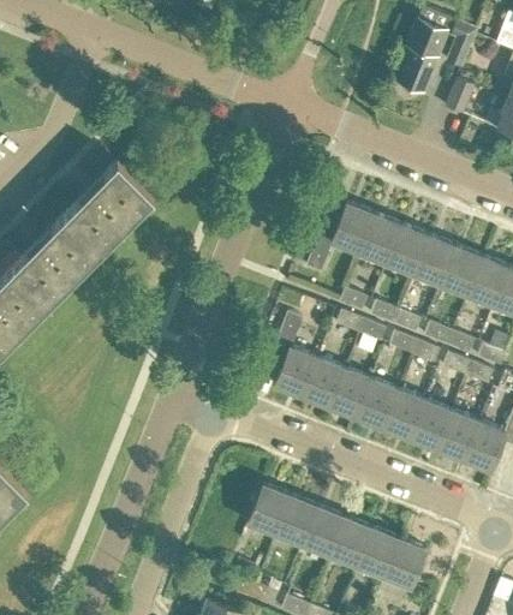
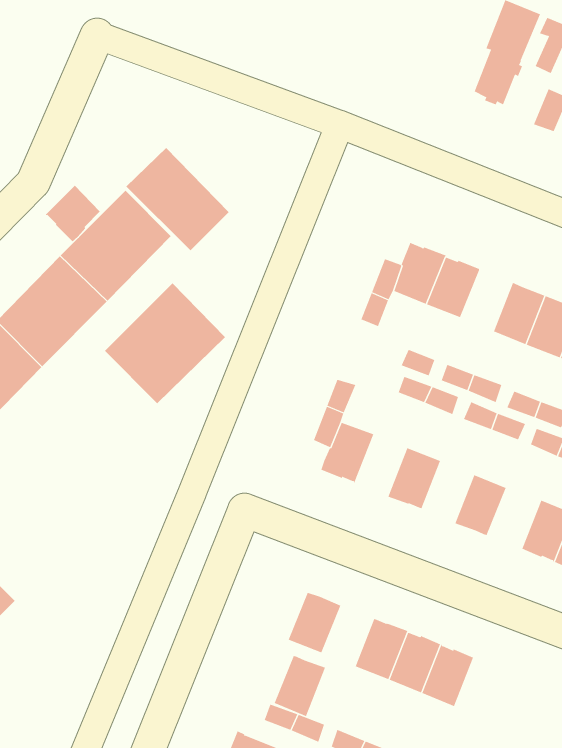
building: none -> [126,147,230,251]
building: none -> [45,185,100,242]
building: [388,226,430,275] -> none
building: none -> [104,283,226,404]
building: [303,358,345,408] -> none
building: [357,380,399,430] -> none
building: [410,401,453,450] -> none
building: [276,496,318,545] -> [274,656,326,717]
building: [383,538,428,589] -> none

